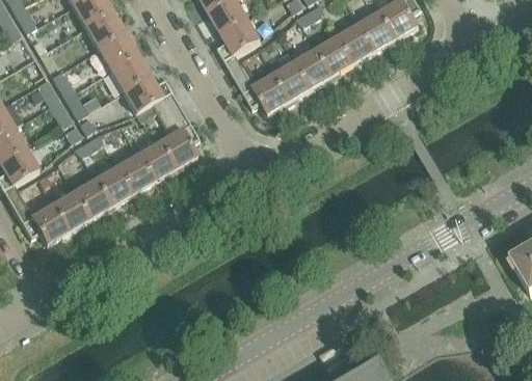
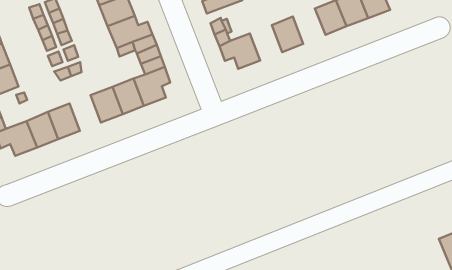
building: [316,36,353,76] -> none
building: [273,61,311,101] -> none
building: [95,166,131,206] -> none

